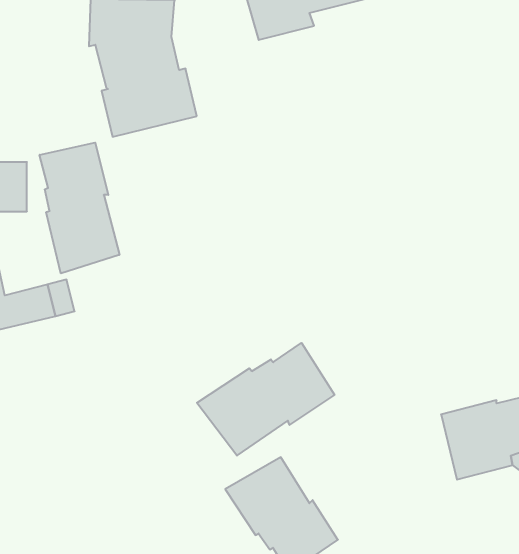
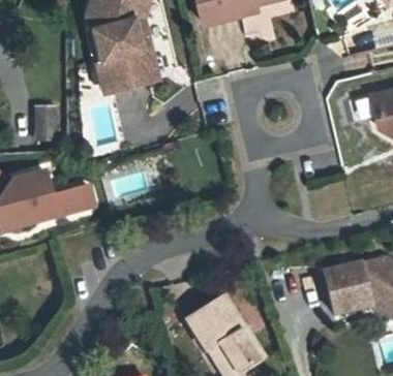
building: [40,143,119,273] -> none
building: [197,343,334,456] -> none

